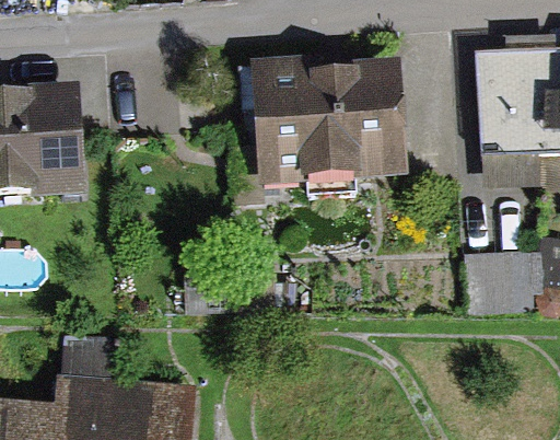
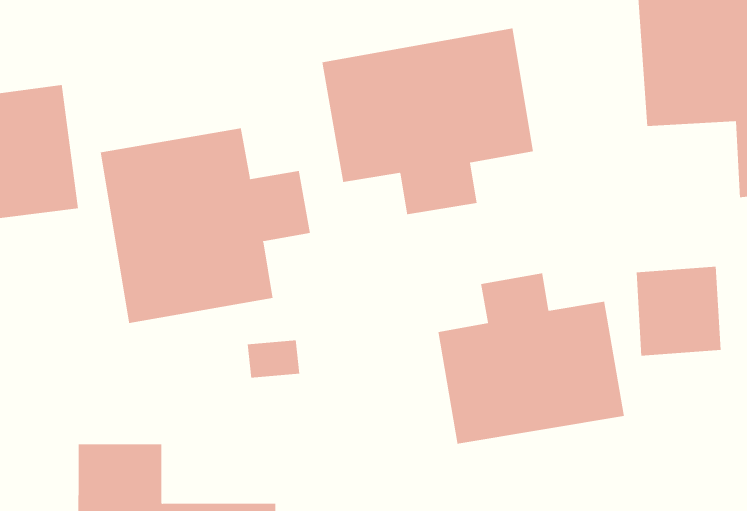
building: none -> [100,127,311,324]
building: none -> [438,272,625,445]

